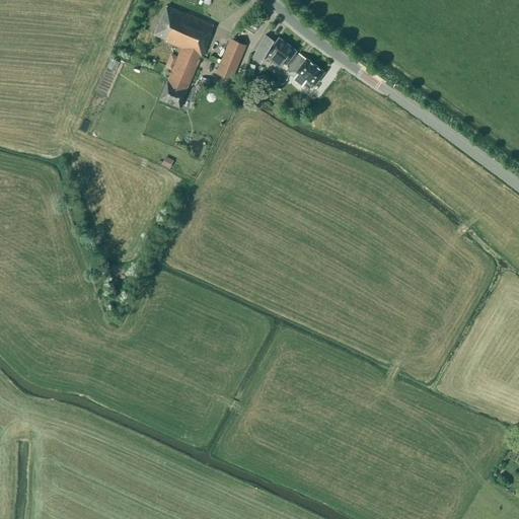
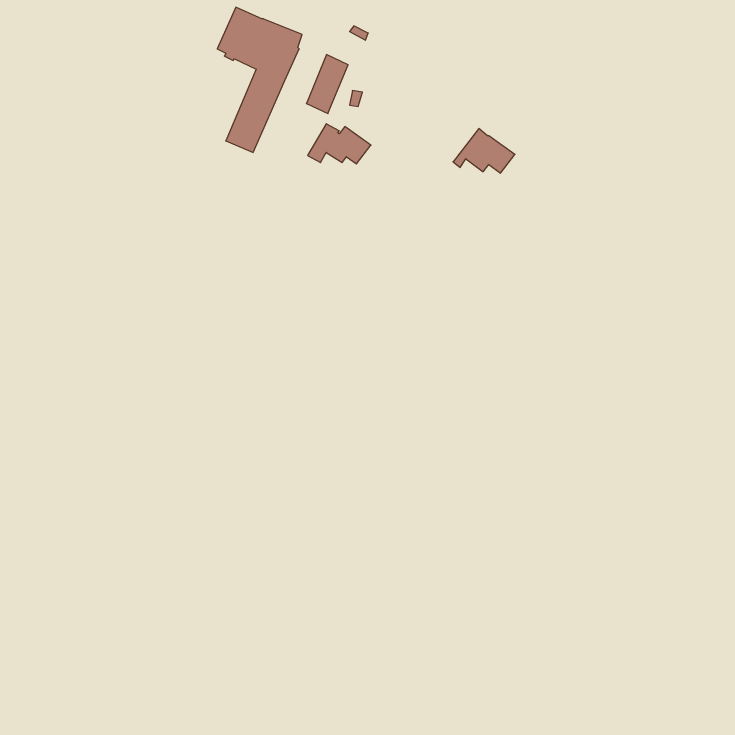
building: [251,35,296,64] -> [308,124,371,164]
building: [281,54,324,85] -> [453,129,515,173]

